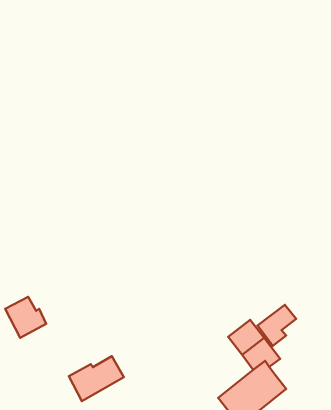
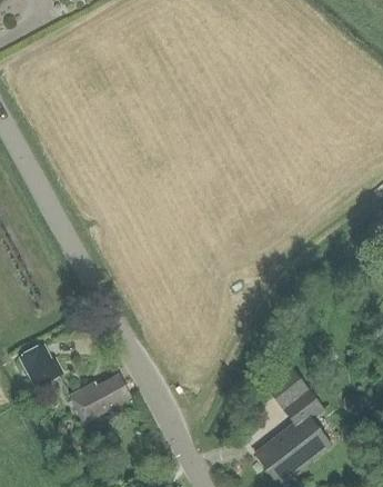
building: [257,305,296,346] -> none
building: [69,356,124,401] -> [70,372,131,423]

